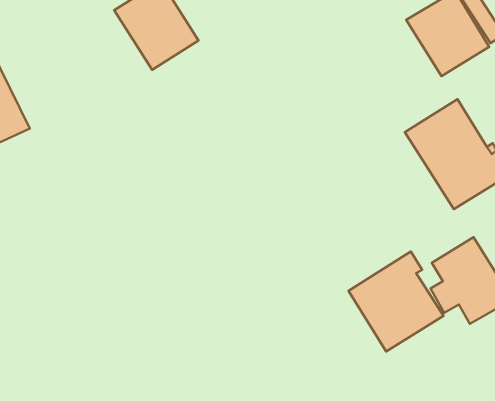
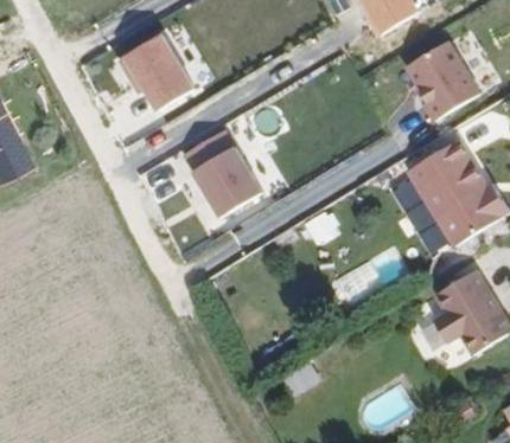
building: none -> [181,123,266,216]
building: [349,252,443,352] -> none

